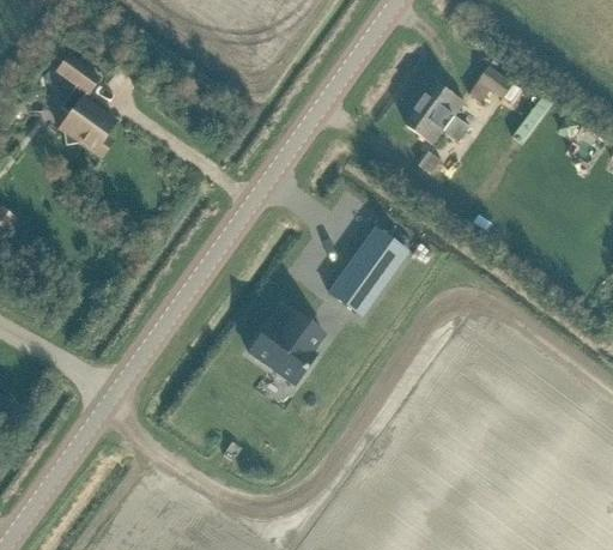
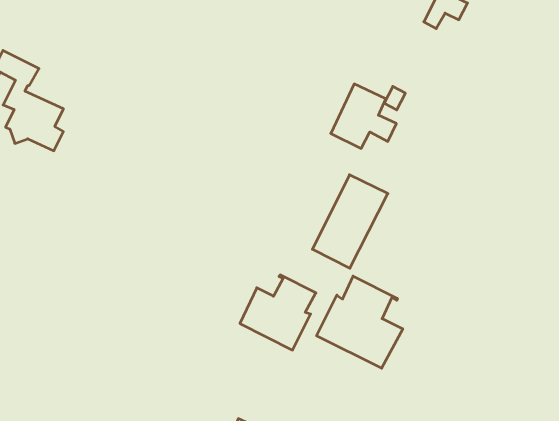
building: [406,81,469,144] -> [331,84,396,148]
building: none -> [317,276,403,368]

